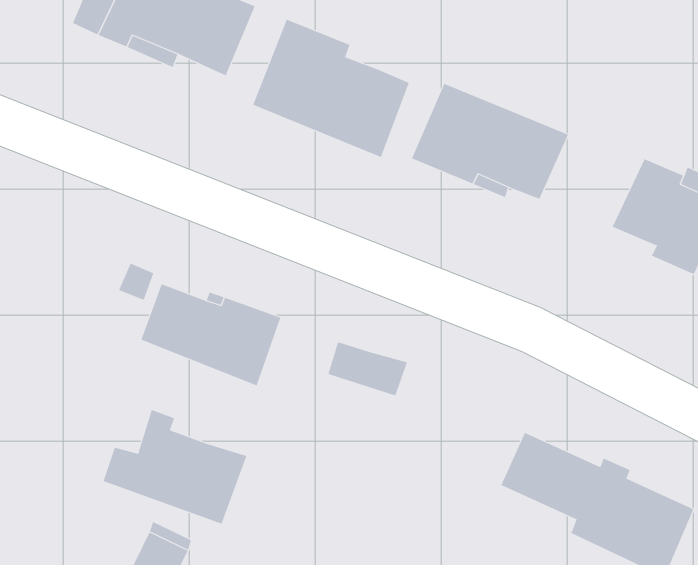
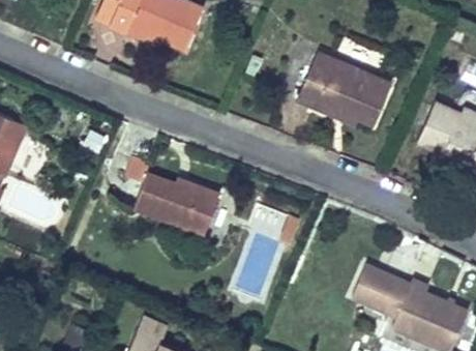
building: [253,19,410,158] -> none
building: [103,409,247,525] -> none

